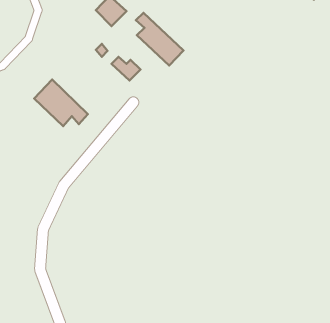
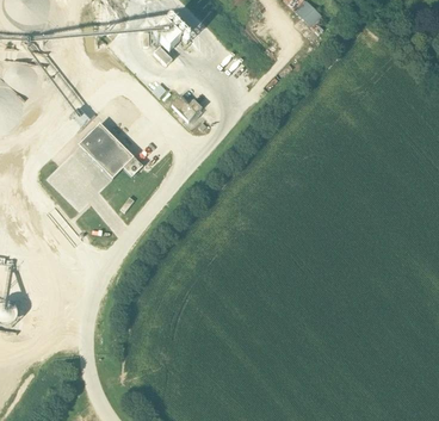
building: [136,13,184,66] -> none

